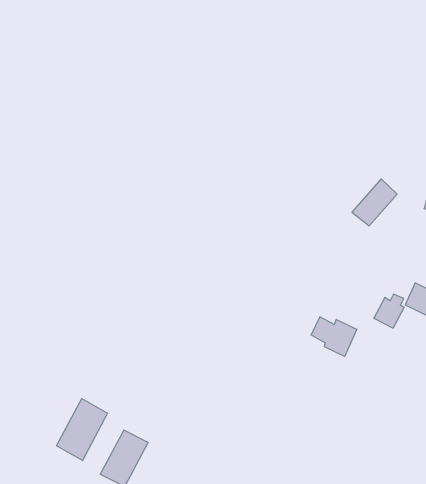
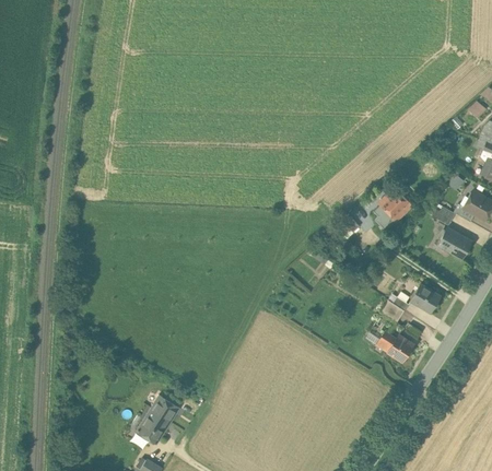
building: [311,317,357,356] -> [376,331,417,367]
building: [57,399,108,461] -> none

